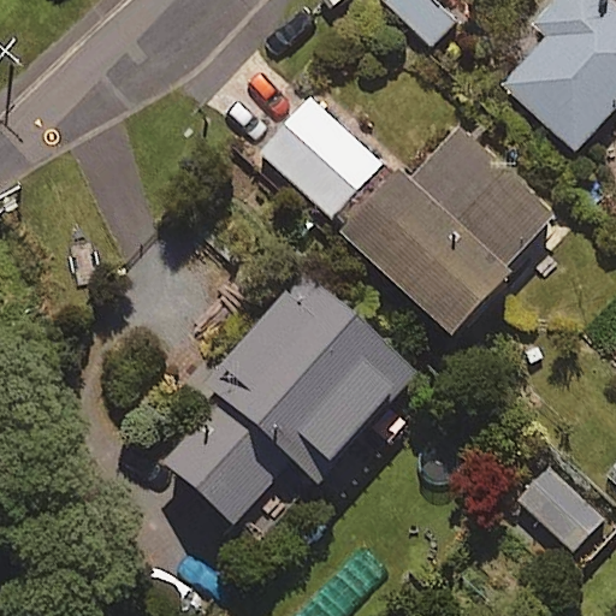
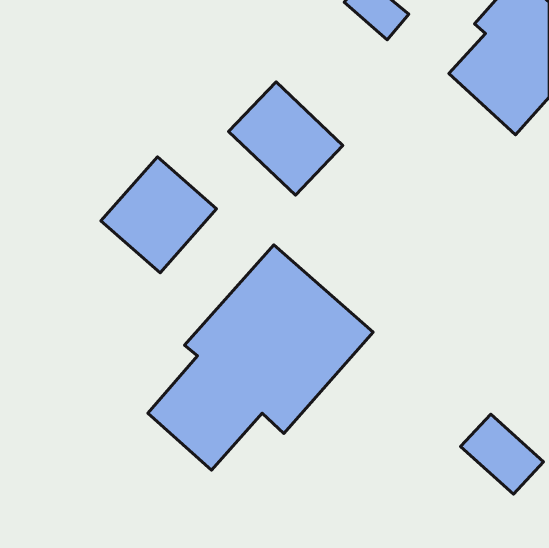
building: [340,124,555,336] -> none
building: none -> [101,157,217,273]

